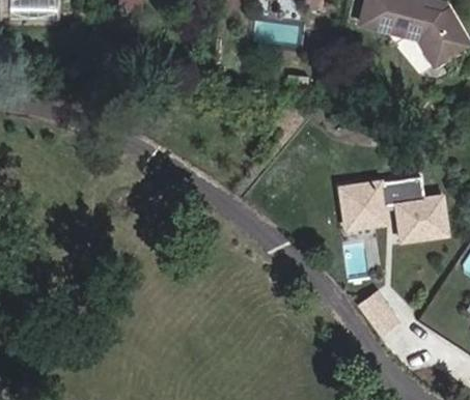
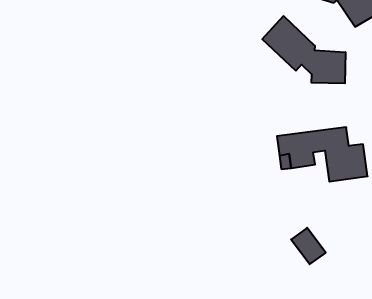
building: none -> [262,16,345,83]

